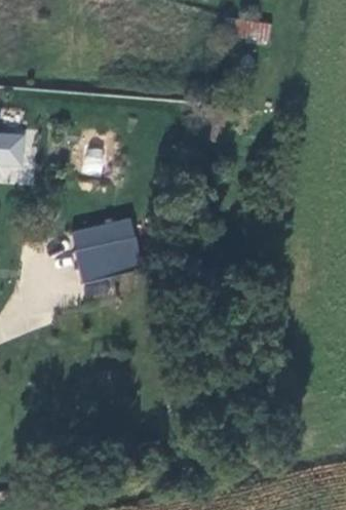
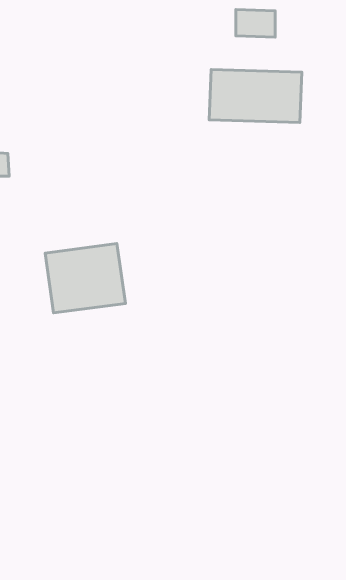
building: none -> [209,69,302,123]

